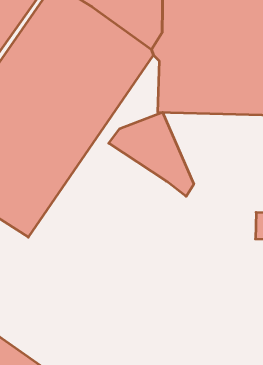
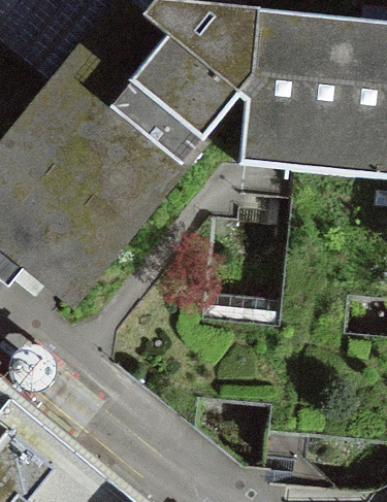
building: [109,112,194,196] -> none

